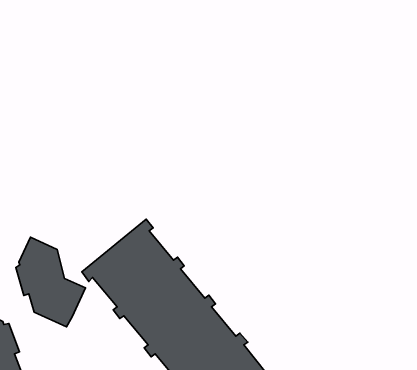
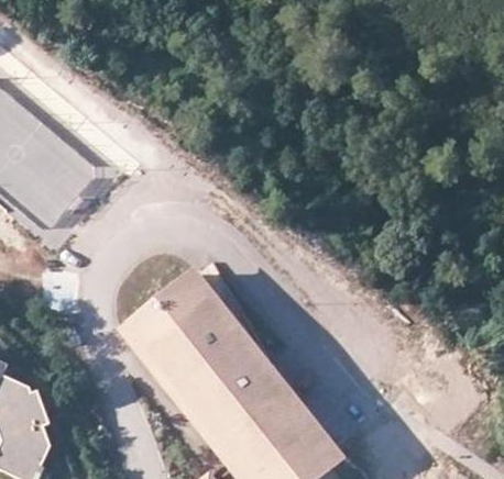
building: [16,237,85,327] -> none

